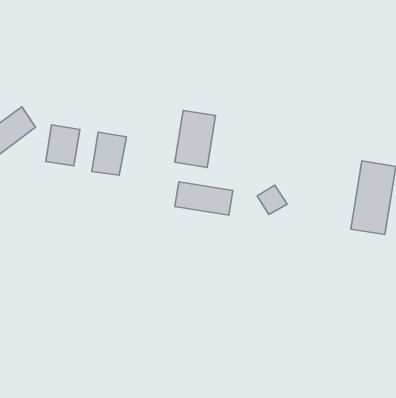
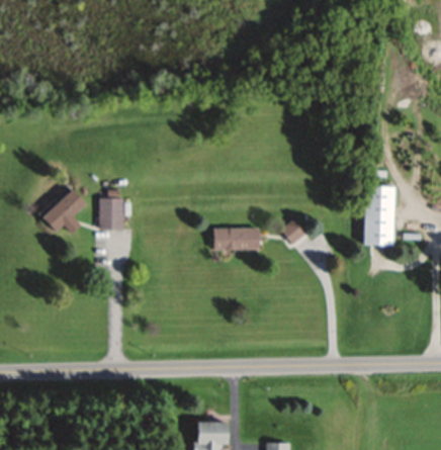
building: [175,110,216,167] -> none
building: [92,132,127,175] -> none

